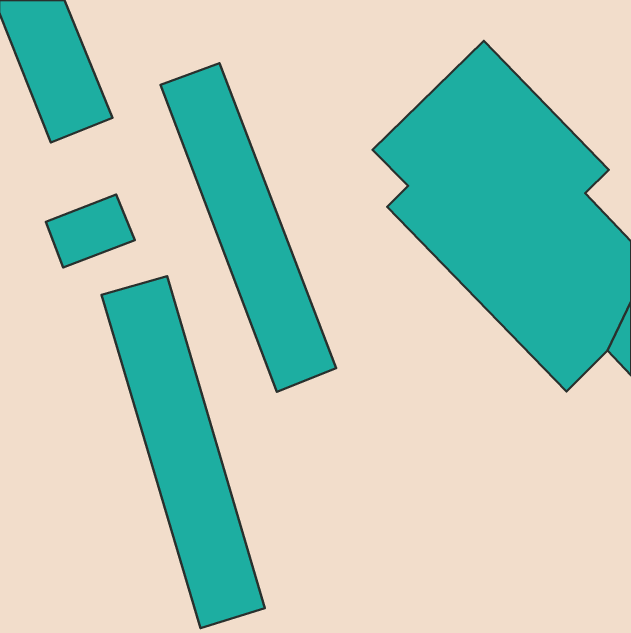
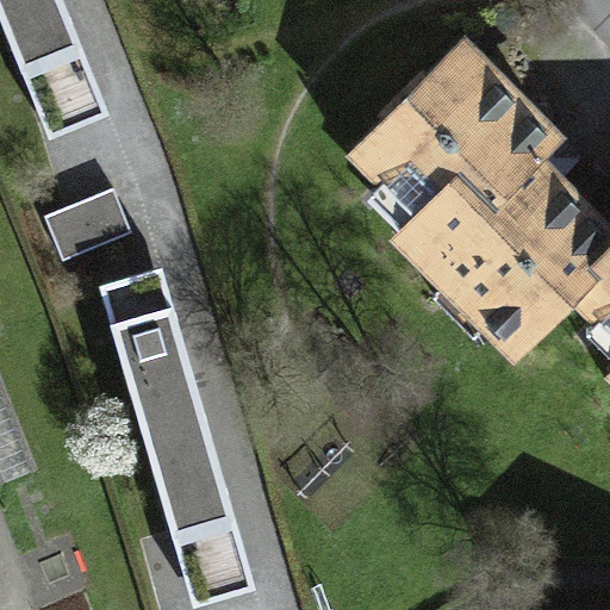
building: [161,63,336,392] -> none

